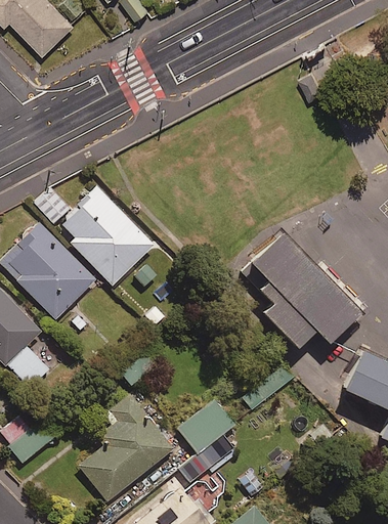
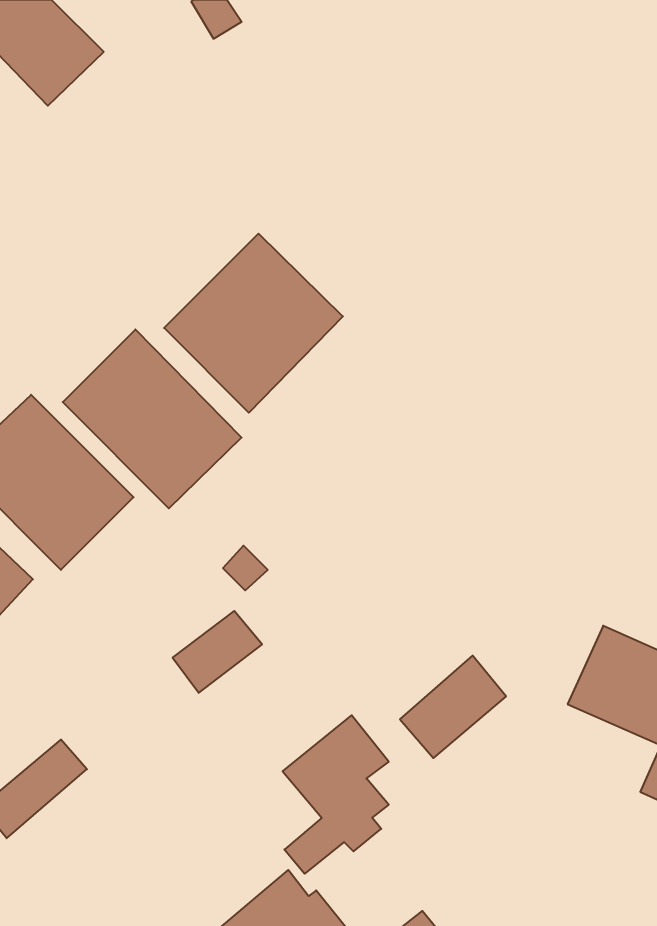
building: none -> [164,234,343,413]
building: [243,233,354,348] -> none
building: [80,393,175,501] -> none

